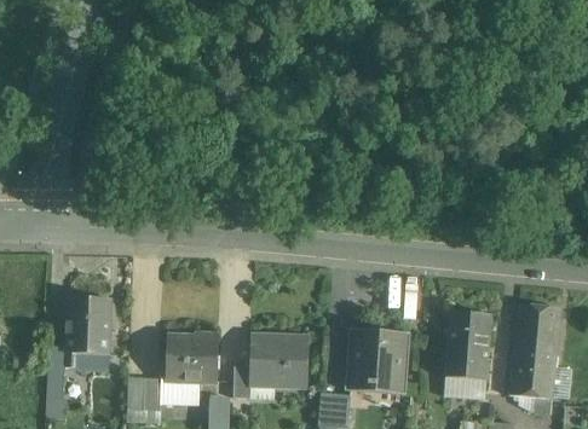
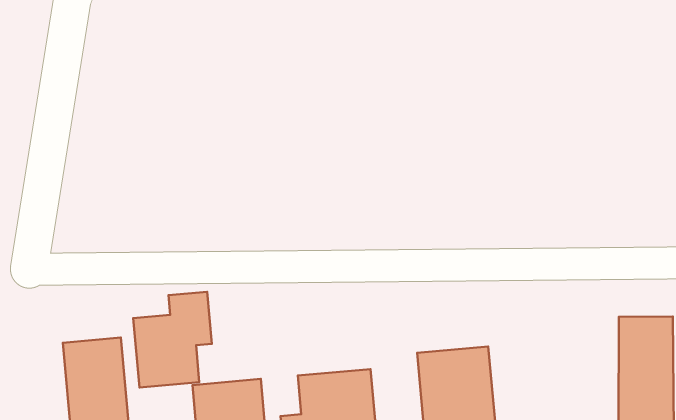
building: none -> [133,292,212,387]
building: [443,315,491,384] -> none

